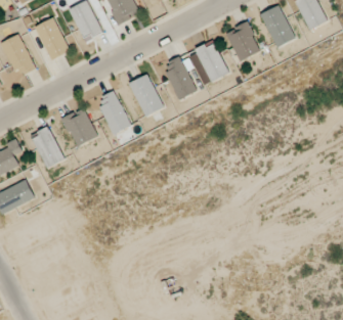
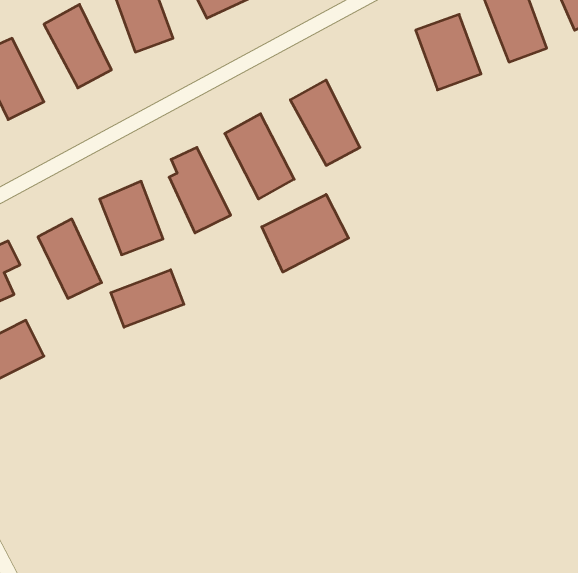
building: [194,41,228,82] -> none
building: none -> [262,194,349,272]
building: none -> [111,270,184,327]

